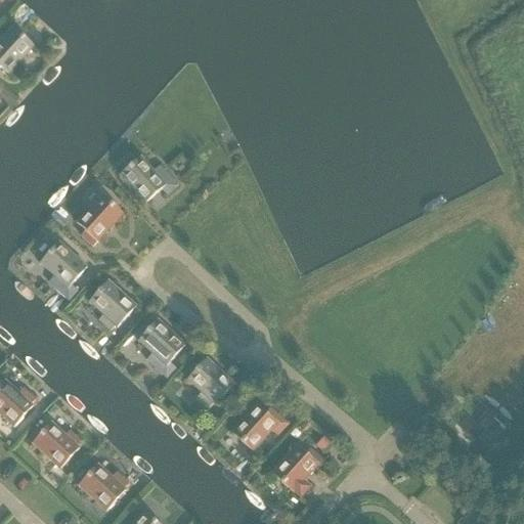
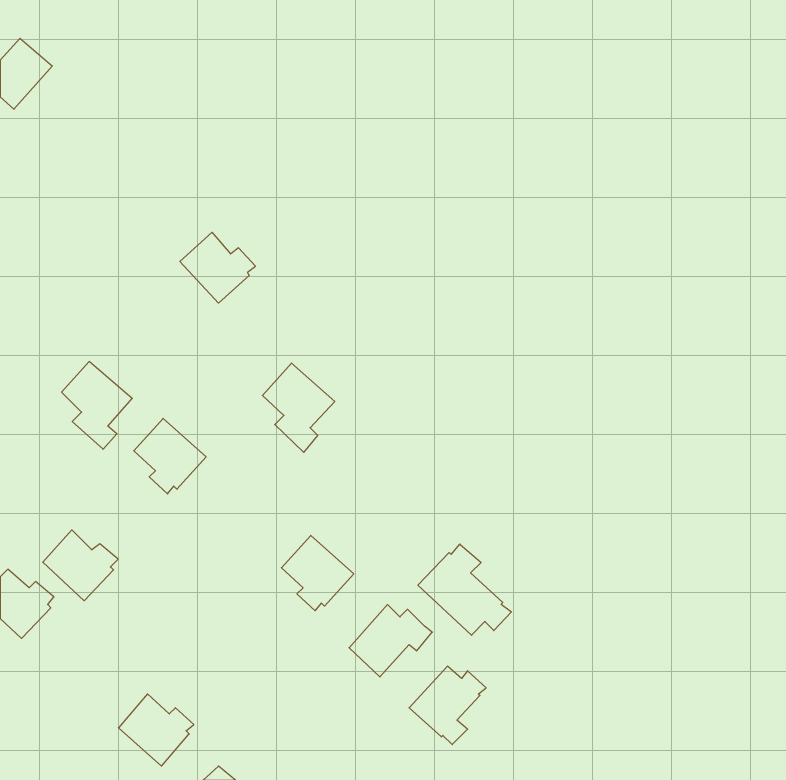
building: [77,192,124,245] -> none
building: [138,317,186,377] -> [262,363,335,452]
building: none -> [418,544,511,635]
building: [33,420,83,467] -> [43,530,118,601]

